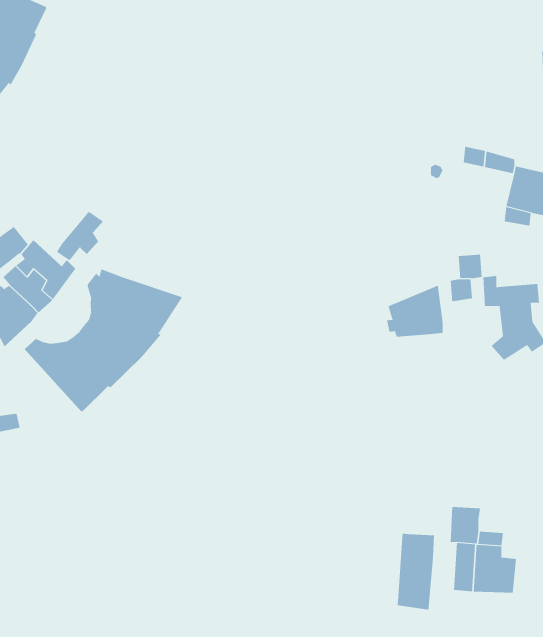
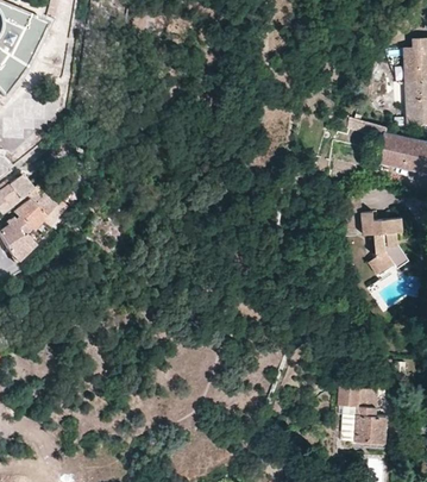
building: [56,211,104,261] -> none
building: [24,269,183,412] -> none
building: [387,285,443,337] -> none
building: [397,533,435,611] -> none

